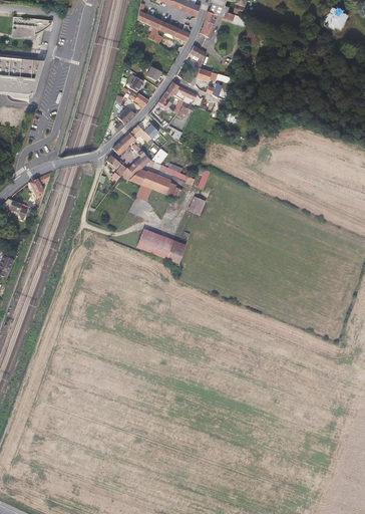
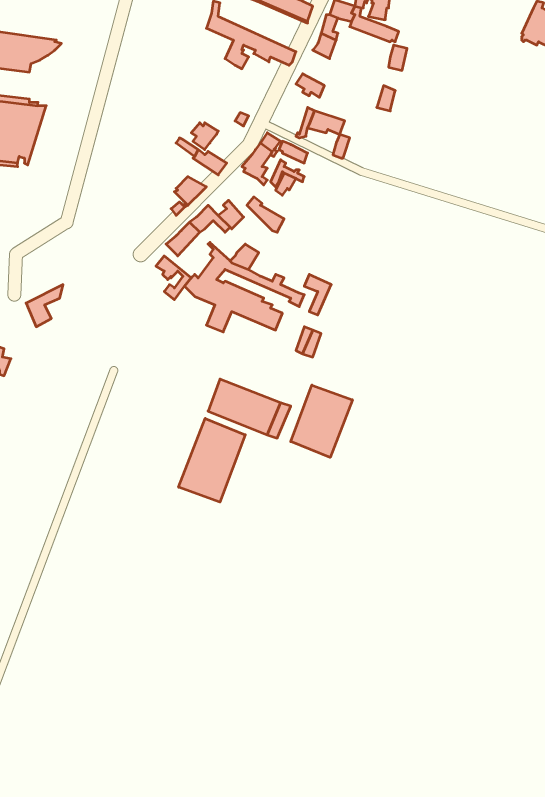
building: none -> [291,385,352,457]
building: none -> [179,418,245,502]

